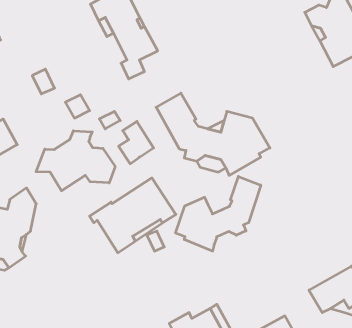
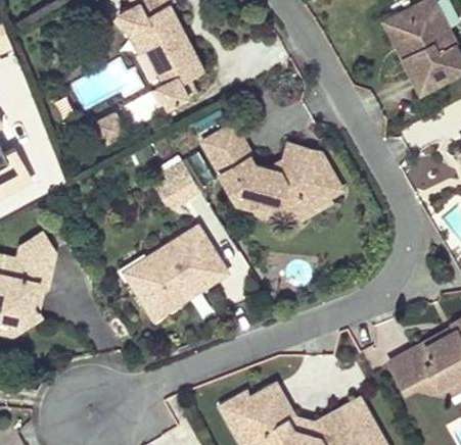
building: [36,131,115,191] -> none
building: [176,176,261,251] -> none

